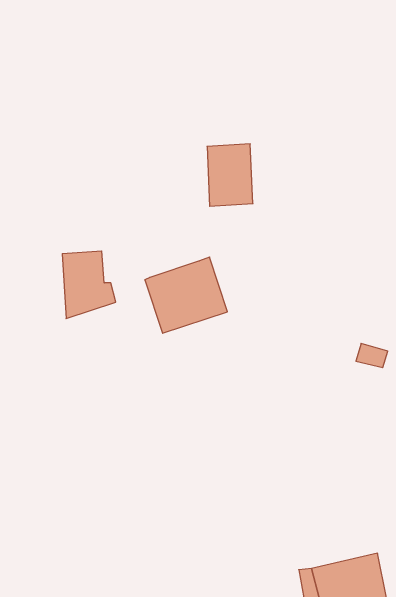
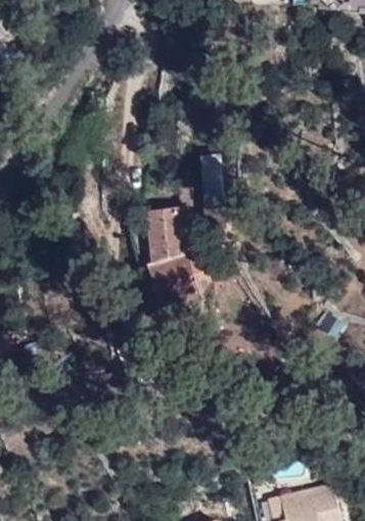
building: [62,251,116,319] -> [146,208,189,263]

